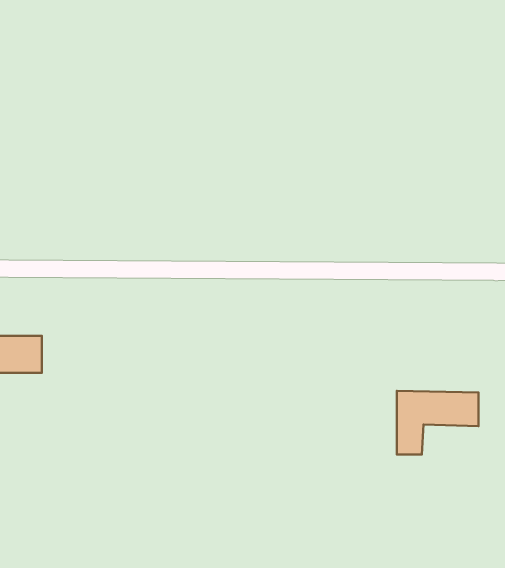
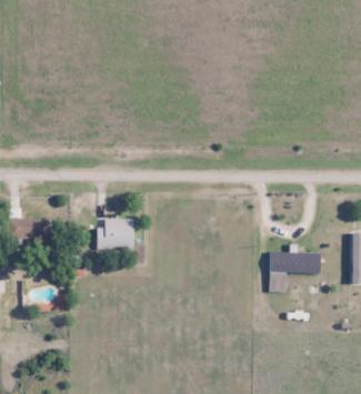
building: none -> [96,219,132,250]

